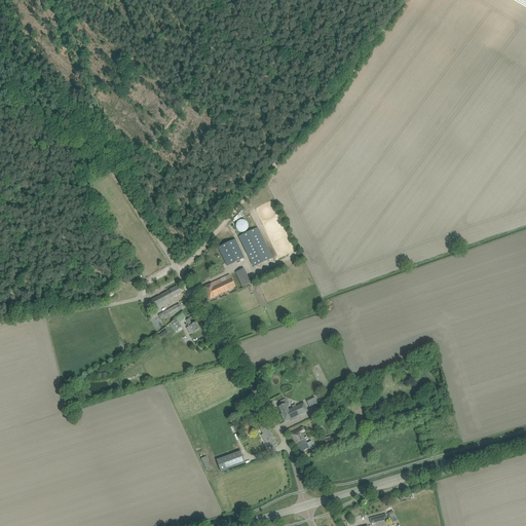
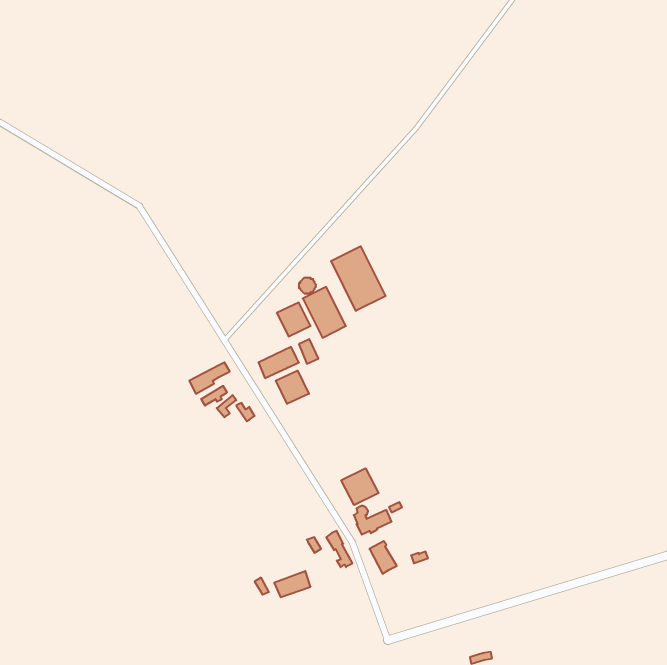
building: none -> [331,246,386,311]
building: none -> [276,371,309,404]
building: none -> [341,468,379,505]

